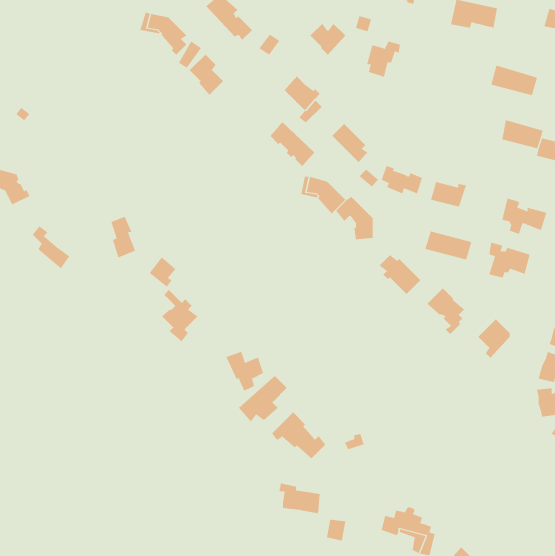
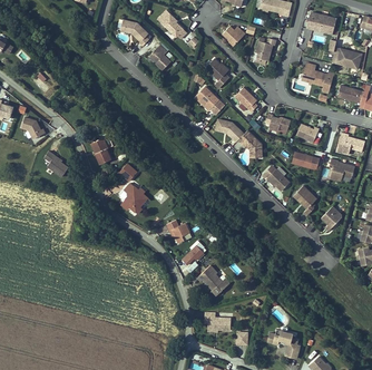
building: none -> [302,64,333,93]

